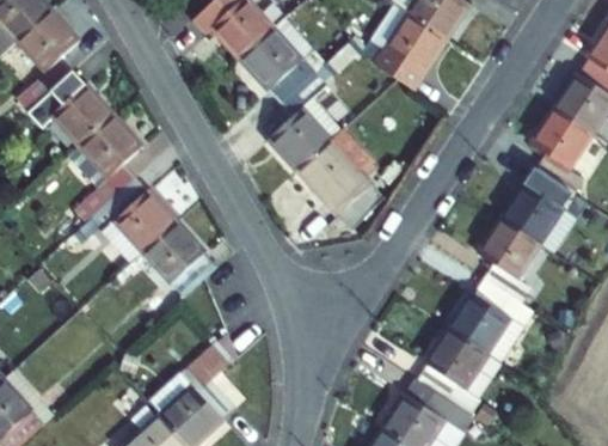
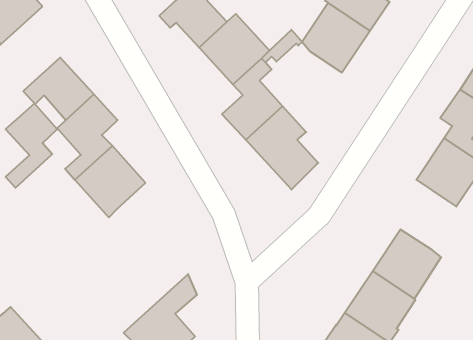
building: [17,10,79,111] -> [6,103,57,188]
building: [478,218,539,303] -> none
building: [142,221,217,297] -> none

